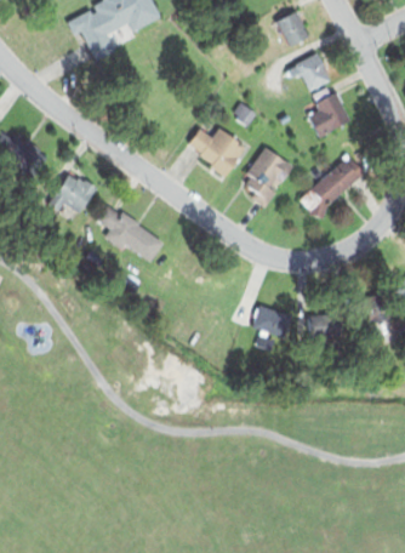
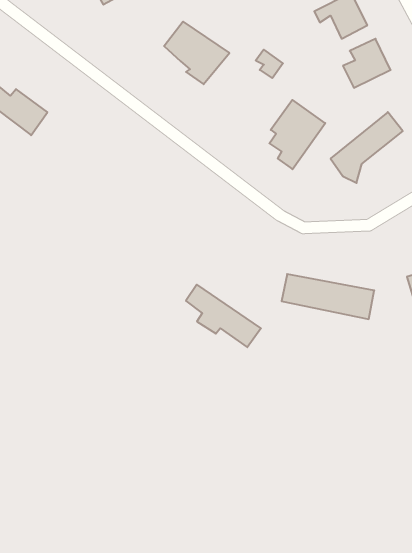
building: [188,121,246,177] -> [164,22,229,84]
building: [47,171,95,212] -> none
building: [96,206,162,262] -> [186,285,261,347]

